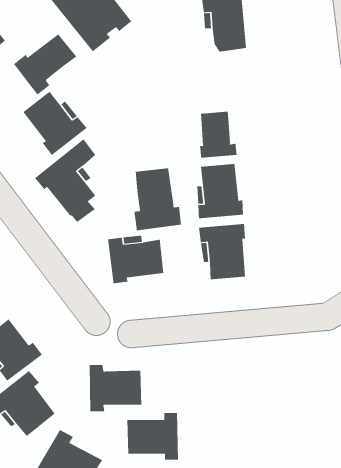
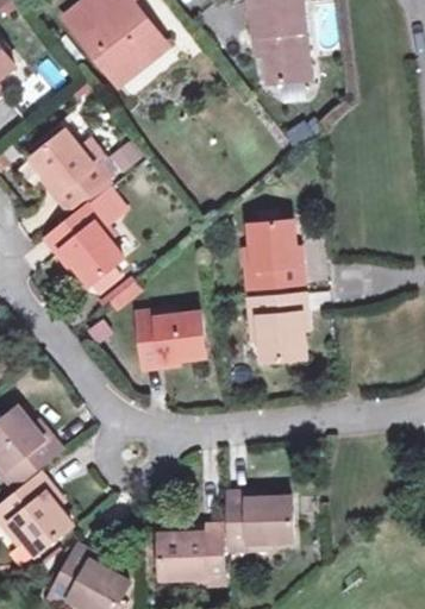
building: [13,33,77,95] -> none
building: [199,111,237,159] -> none
building: [134,167,181,231] -> none
building: [89,364,142,412] -> [227,491,293,550]

